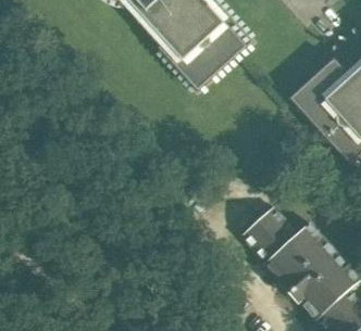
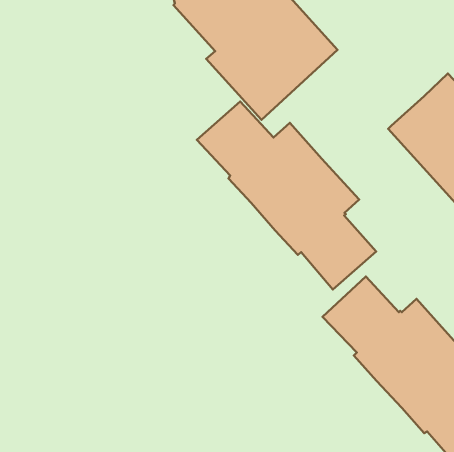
building: none -> [197,102,376,290]

